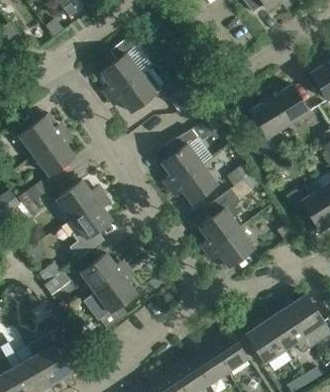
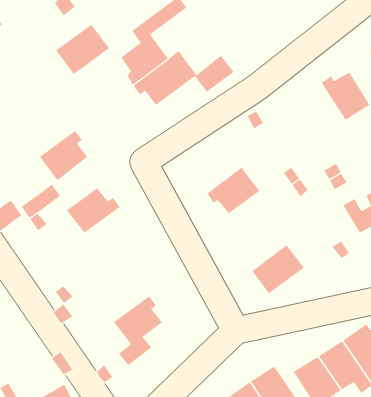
building: [244,94,289,155] -> none
building: [19,113,65,156] -> [55,24,110,75]
building: [162,129,203,186] -> none
building: [200,191,240,251] -> none
building: [71,197,112,260] -> none
building: [82,254,126,293] -> none

